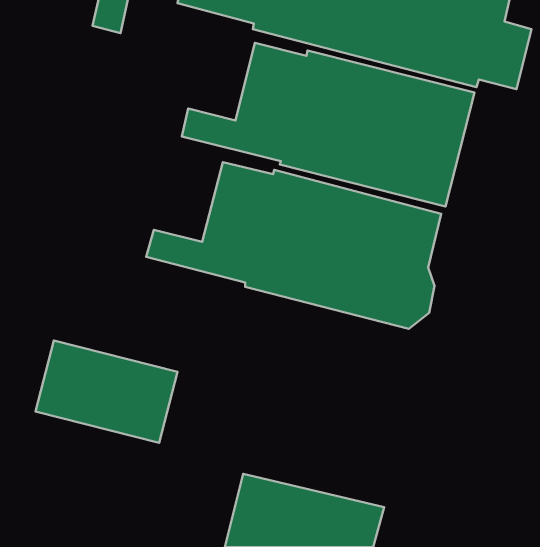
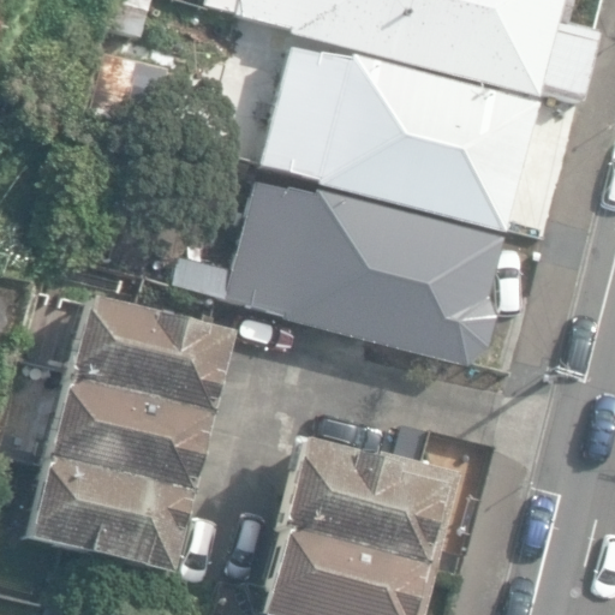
building: none -> [71,301,229,416]
building: none -> [282,444,462,567]
building: none -> [30,460,189,573]

